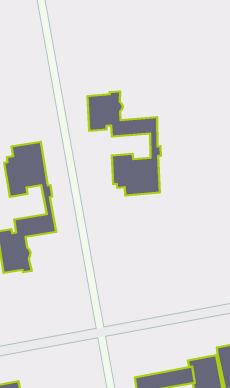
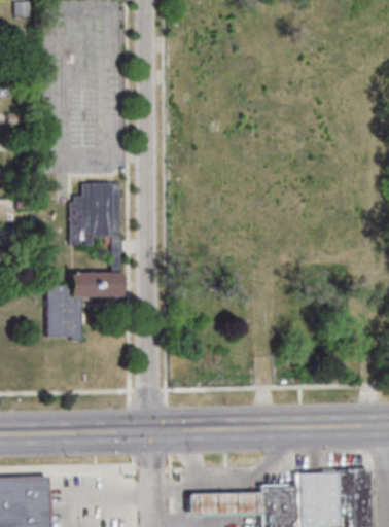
building: [88,91,161,195] -> none

